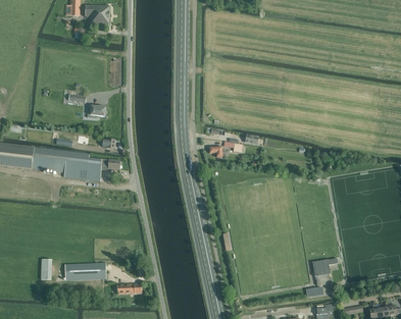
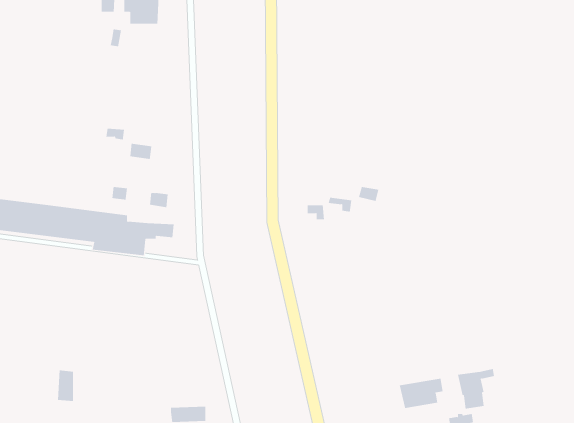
building: [65,263,106,280] -> none
building: none -> [399,378,443,409]

